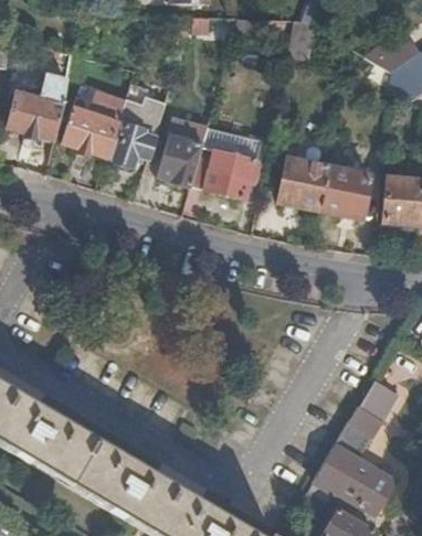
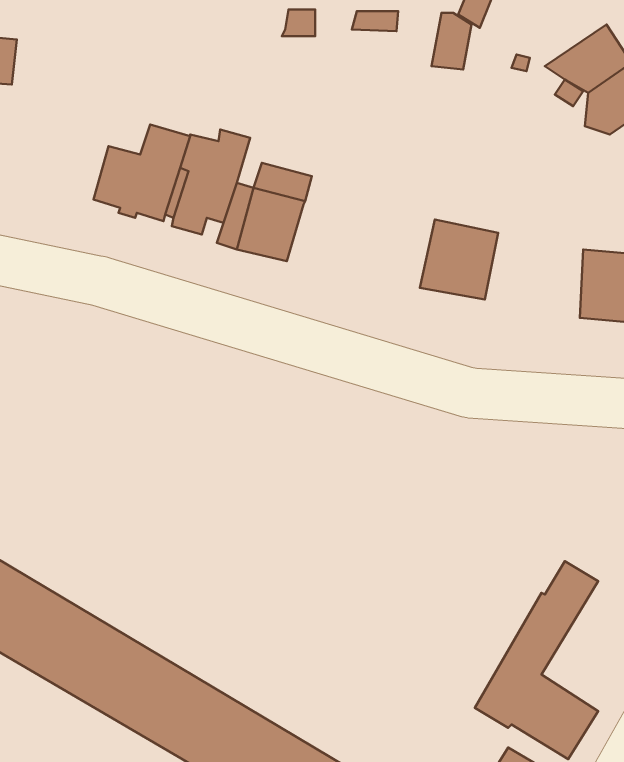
building: [9,75,70,139] -> none
building: [191,146,263,197] -> none
building: [323,164,373,215] -> none

